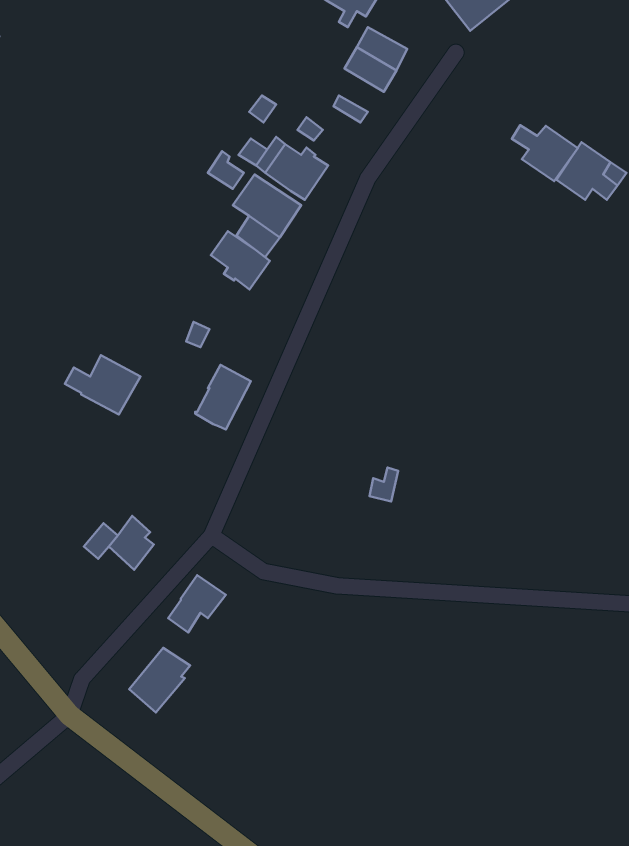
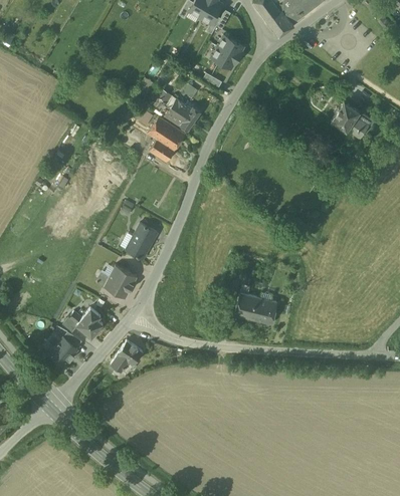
building: [512,125,578,181] -> none
building: [211,231,270,289] -> none
building: [65,355,140,414] -> [95,263,138,296]
building: none -> [235,291,278,323]
building: [129,648,190,712] -> [49,330,83,366]

